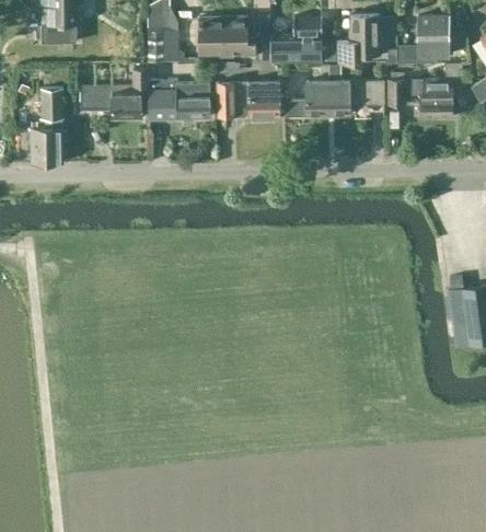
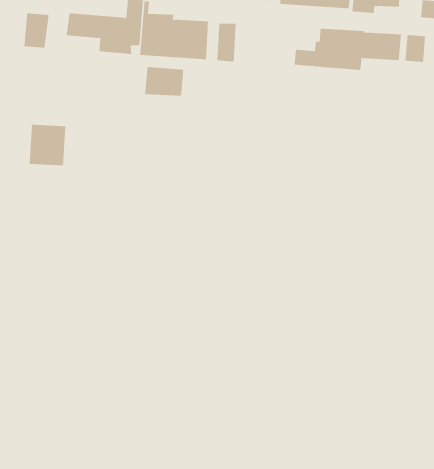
building: [248,82,285,117] -> none
building: [31,127,63,164] -> [29,124,66,166]
building: none -> [145,66,184,96]

